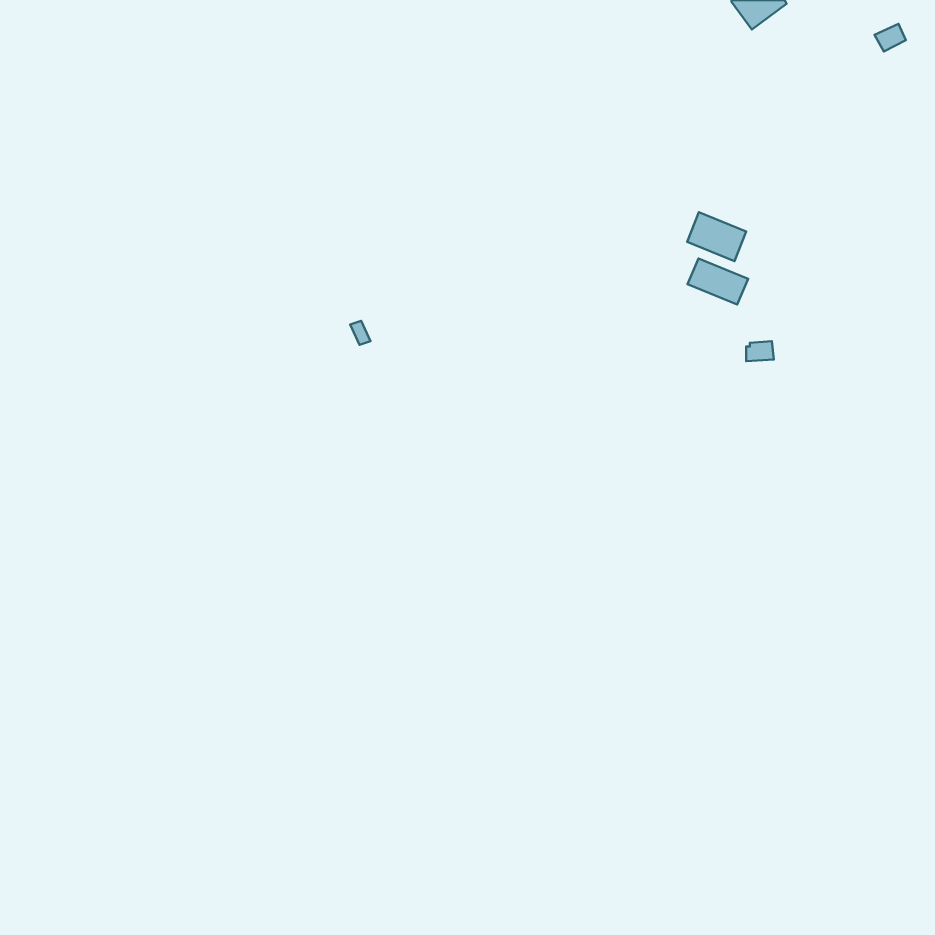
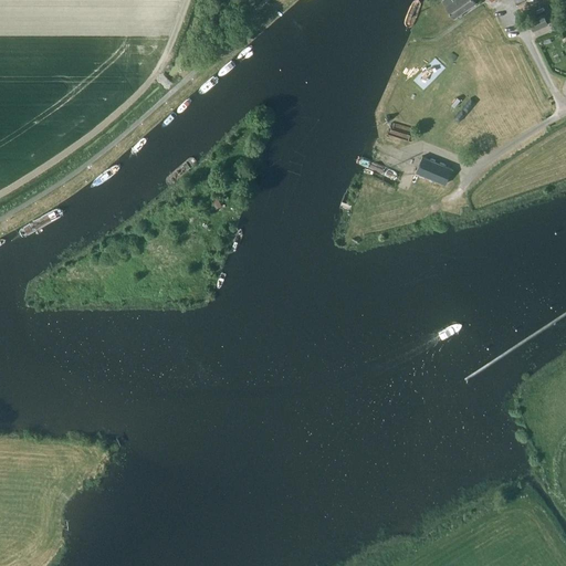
building: [687,212,746,261] -> none

